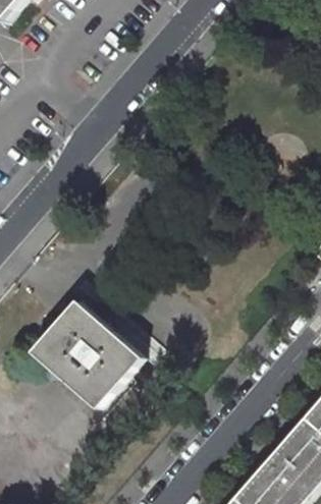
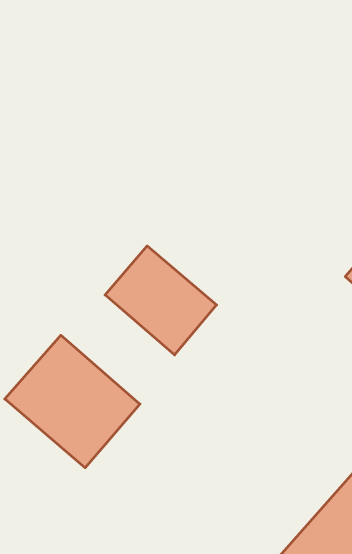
building: none -> [105,246,217,355]

